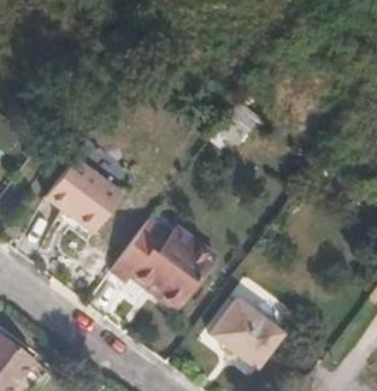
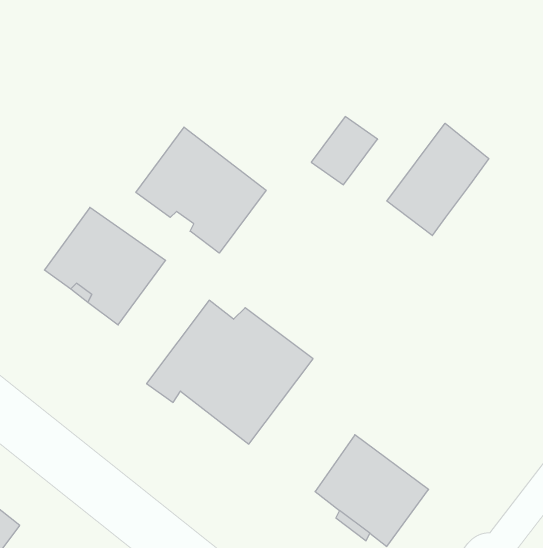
building: none -> [387,123,489,236]
building: none -> [136,127,266,253]

